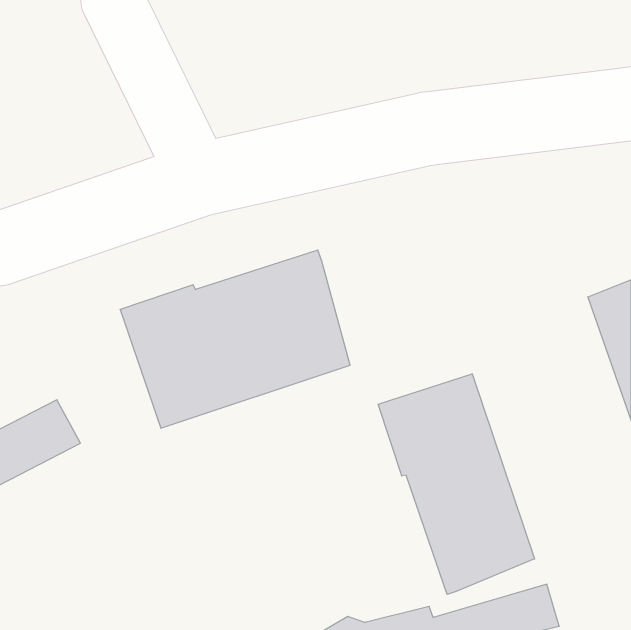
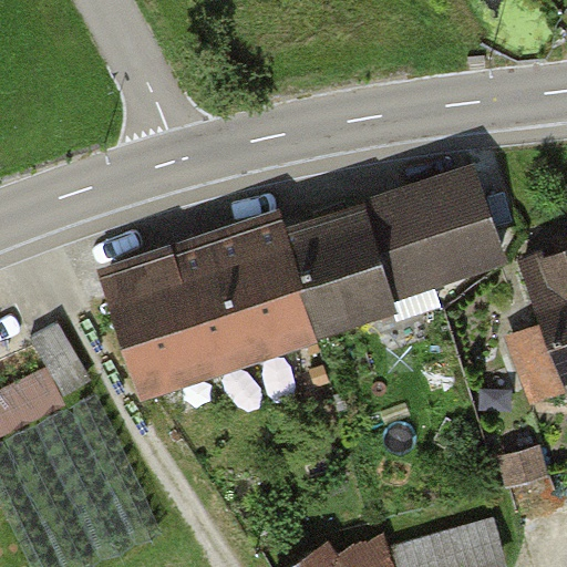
building: none -> [288,173,502,329]
building: [378,374,535,594] -> none

